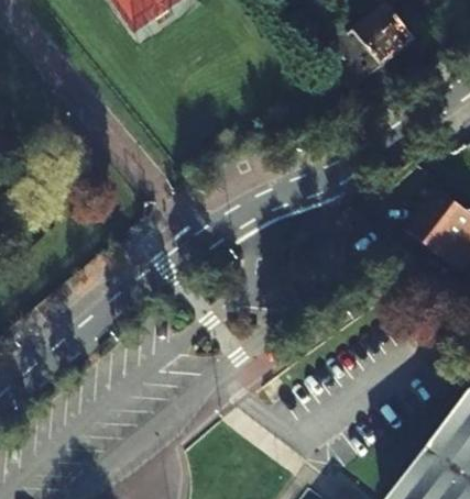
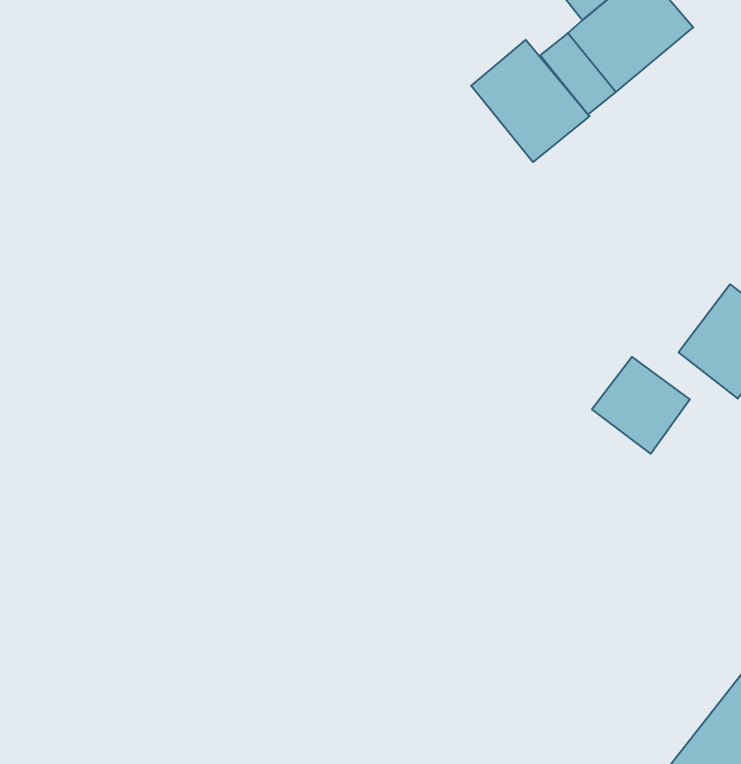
building: none -> [471,40,590,162]
building: none -> [592,357,690,454]

